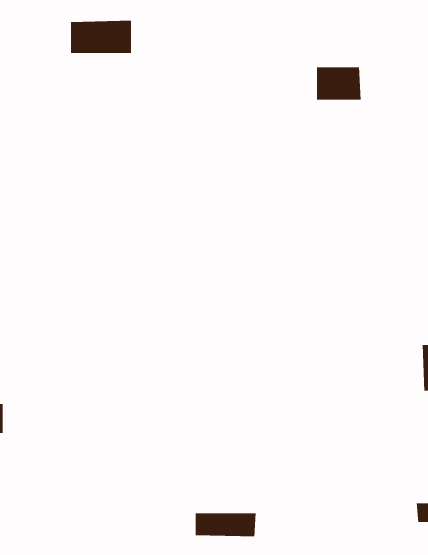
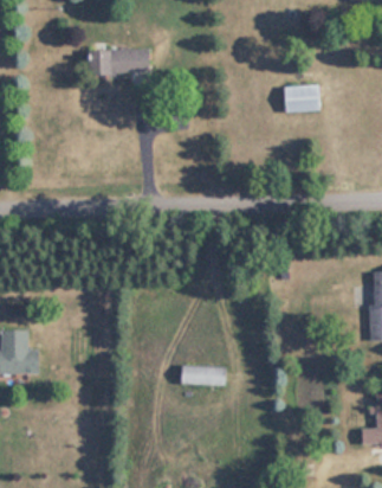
building: [195,513,257,537] -> [181,365,229,384]

